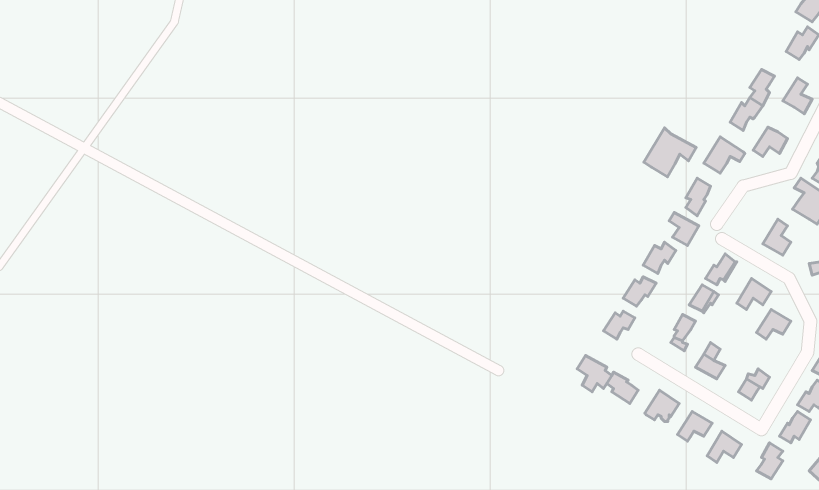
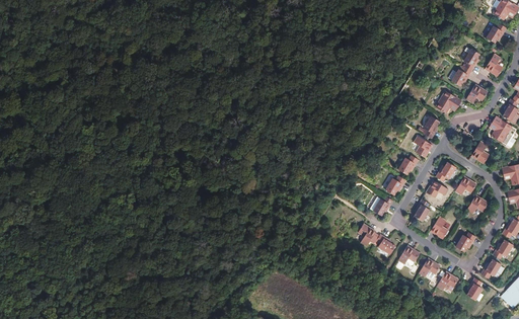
building: [644,128,696,177] -> none

